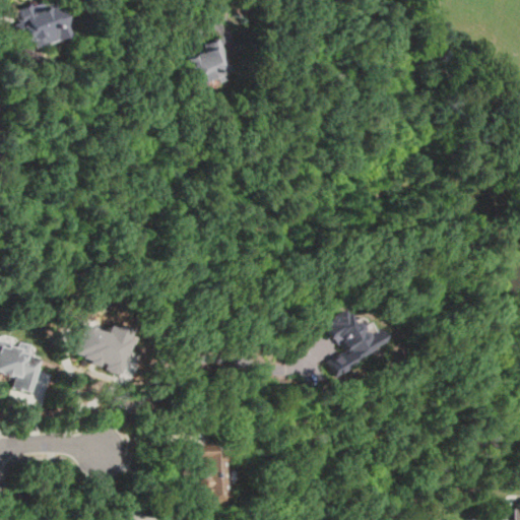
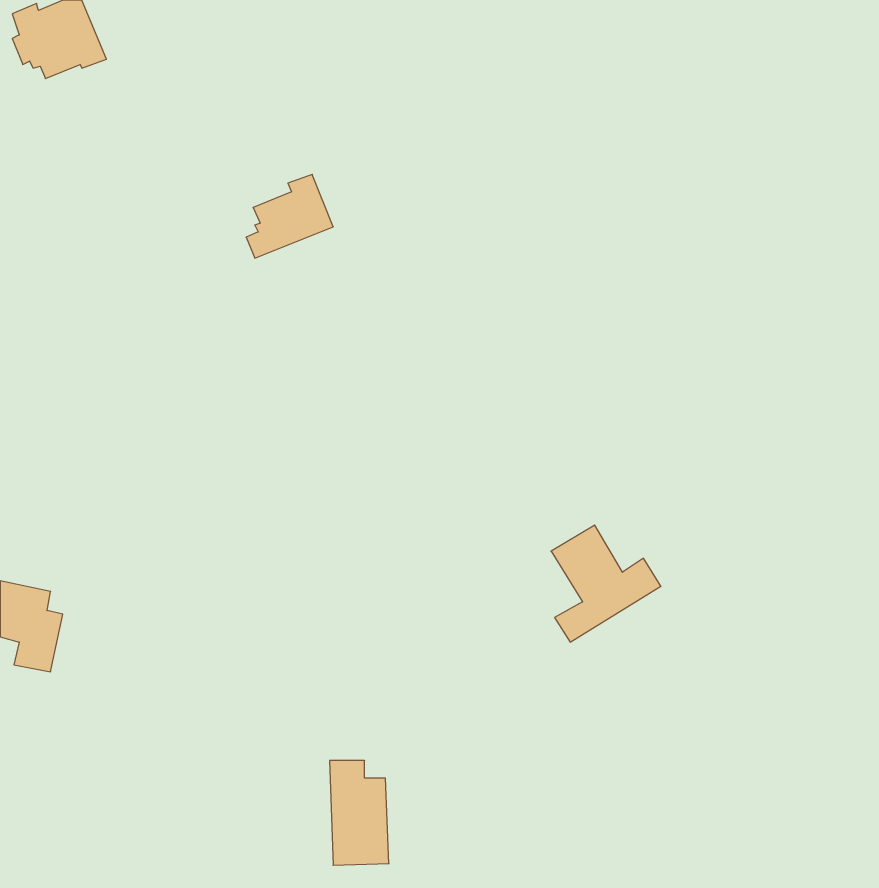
building: [190,39,241,87] -> [246,174,333,258]
building: [78,324,136,376] -> none

